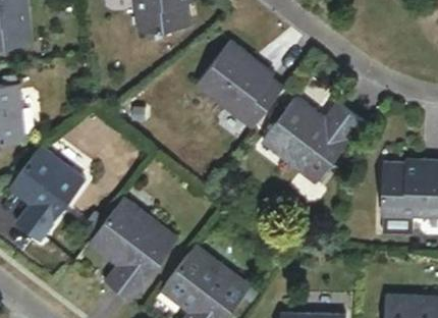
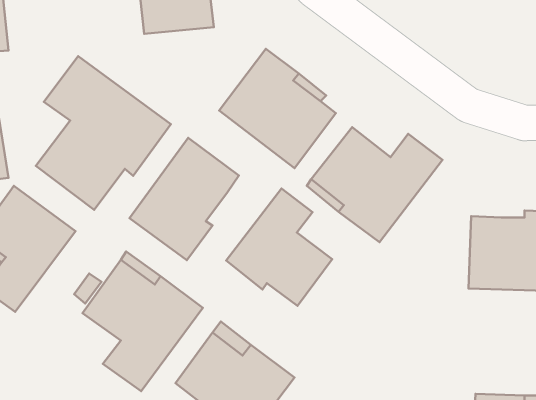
building: none -> [36,56,171,210]
building: none -> [130,138,239,260]
building: none -> [226,188,332,306]

